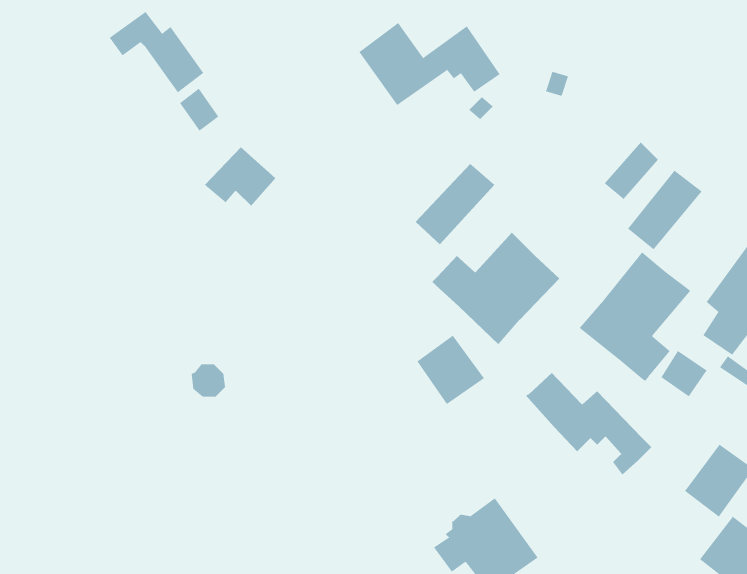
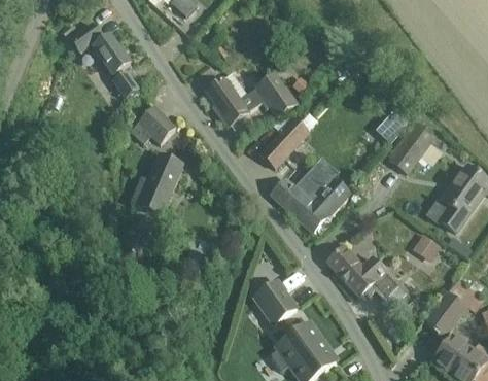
building: [358,22,500,106] -> [207,72,294,124]
building: none -> [132,152,185,215]
building: [579,252,691,382] -> none
building: [416,335,485,405] -> [254,280,297,323]

